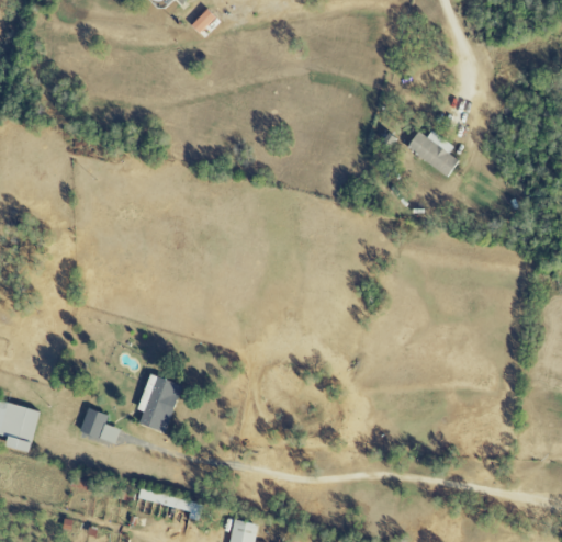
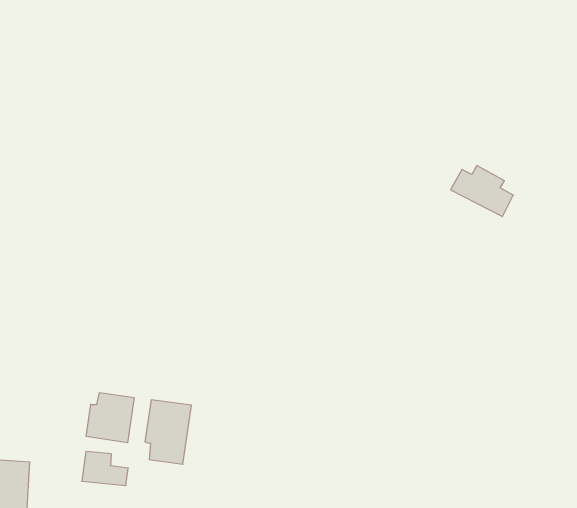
building: [406,131,458,177] -> [451,166,513,217]
building: none -> [86,393,134,443]

